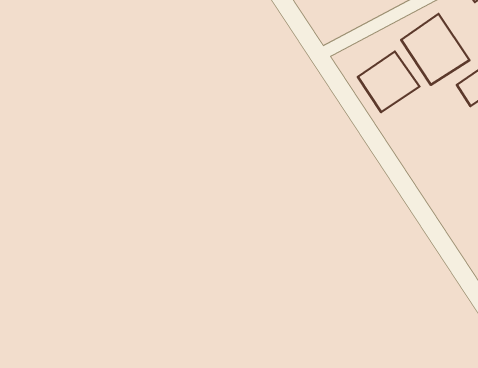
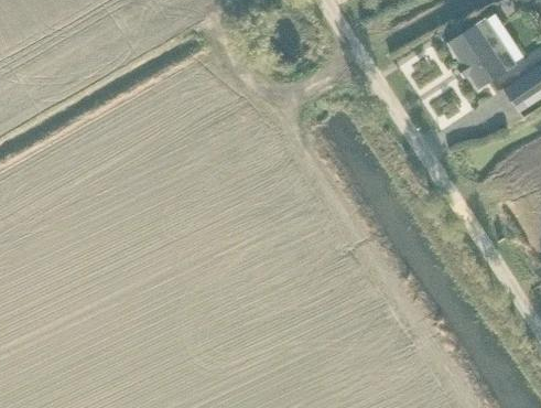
building: [358,51,420,112] -> none

